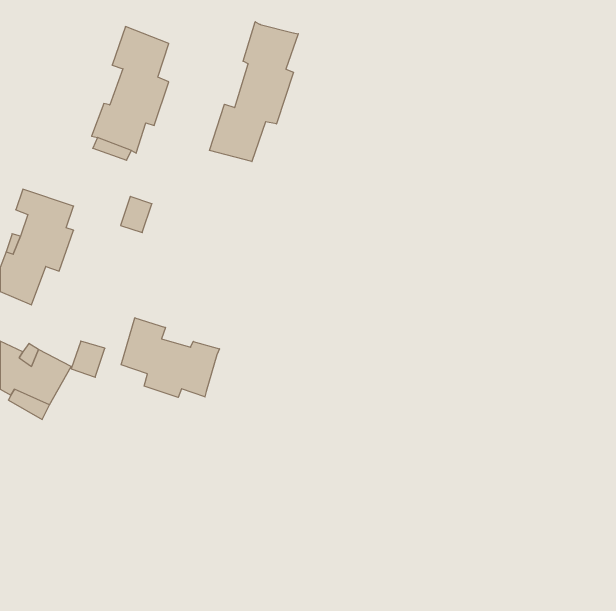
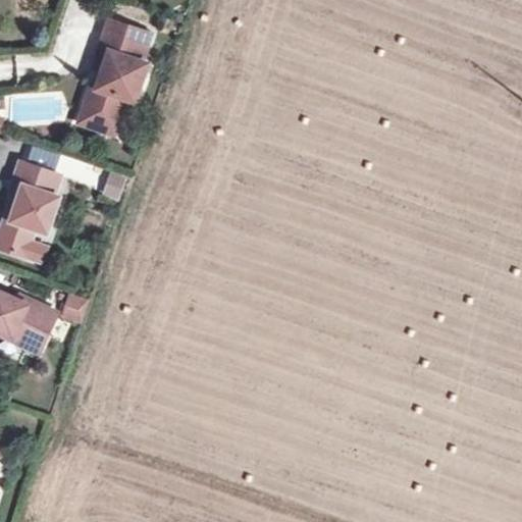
building: [210,22,298,162] -> none
building: [121,318,219,397] -> none

